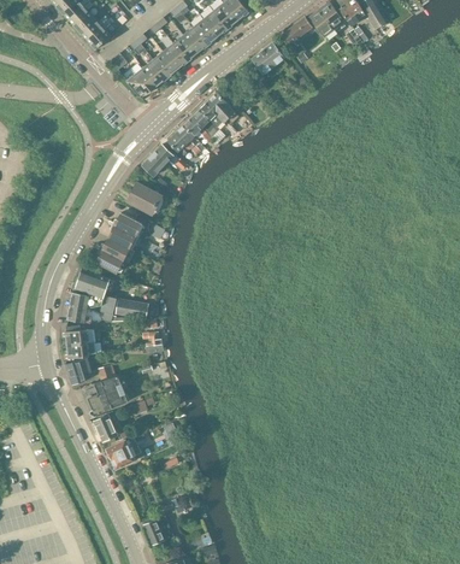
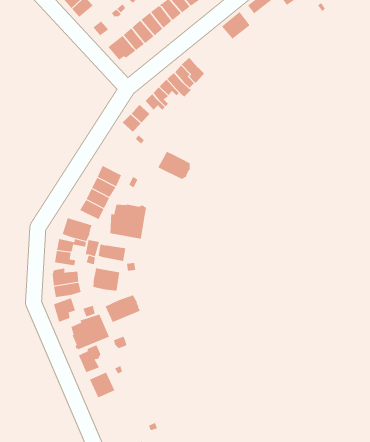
building: [126,182,163,213] -> [158,151,190,180]
building: none -> [110,204,147,239]
building: none -> [93,268,120,291]
building: none -> [105,294,141,323]

